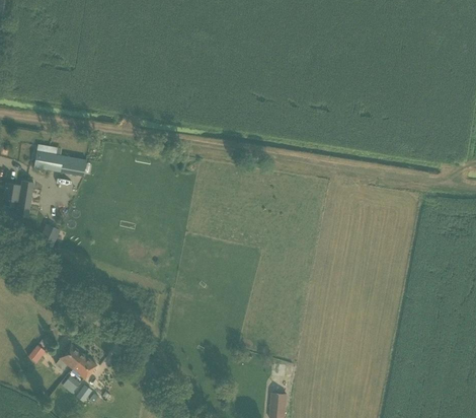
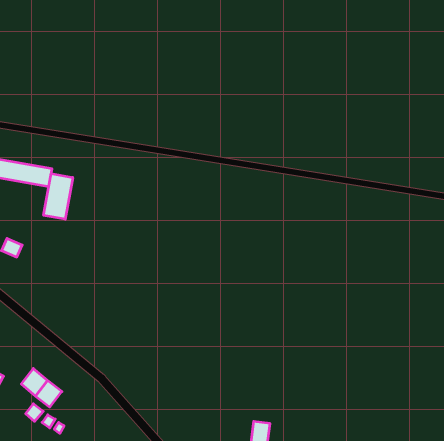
building: none -> [44,174,73,219]

